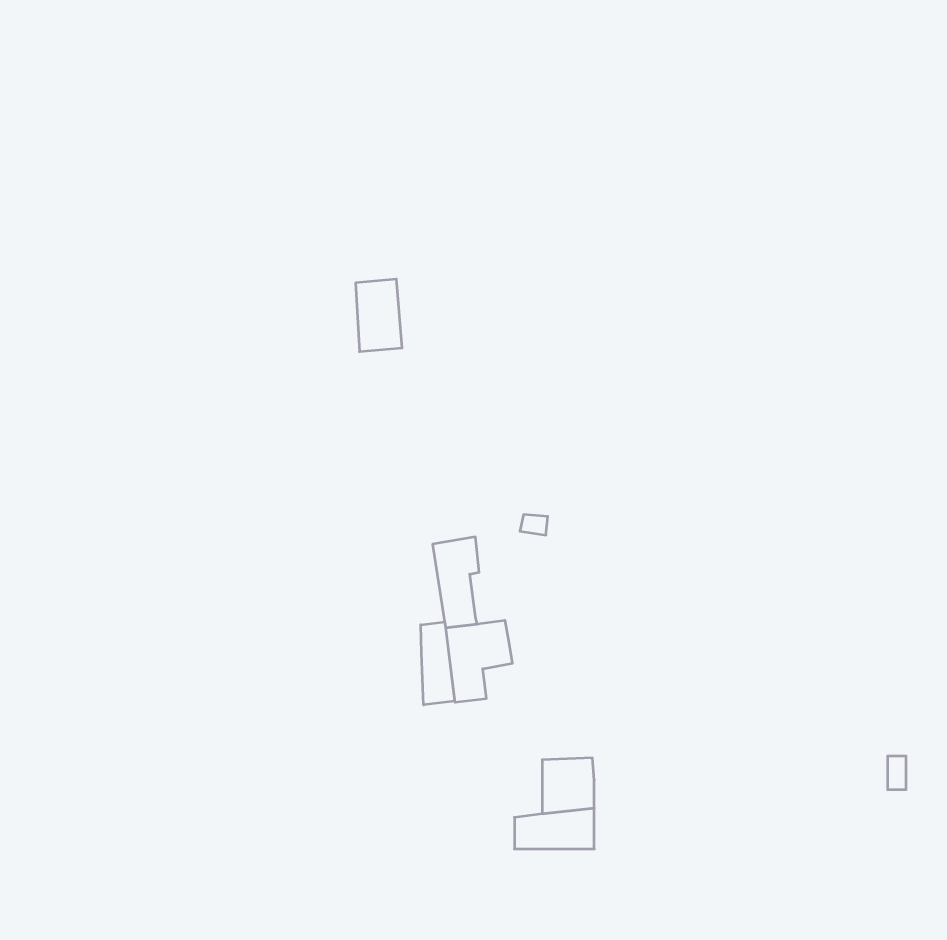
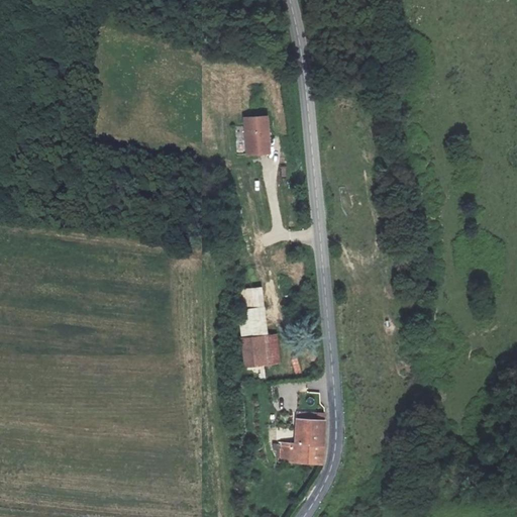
building: [356,279,402,352] -> [246,115,272,154]
building: [421,622,455,705] -> none

